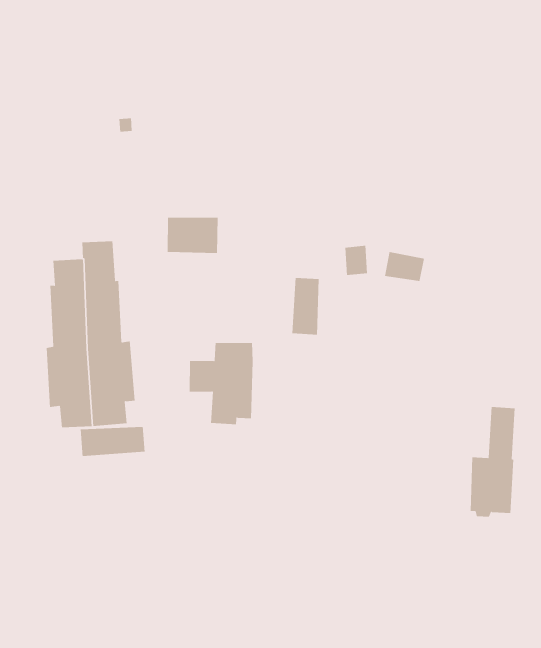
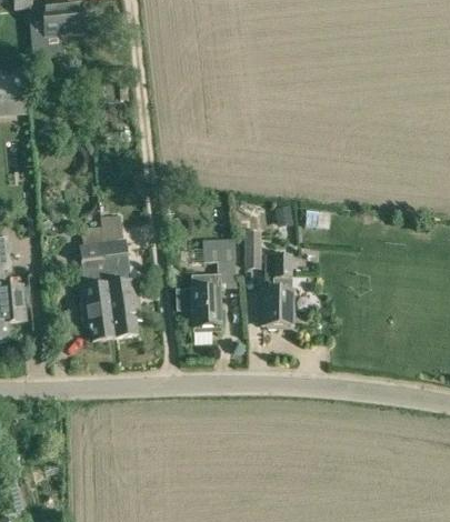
building: [167,217,218,253] -> [200,237,236,262]
building: [470,407,516,517] -> [261,254,290,329]
building: [80,426,145,457] -> none

